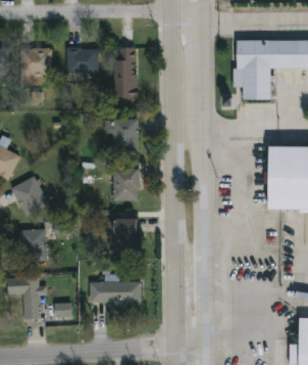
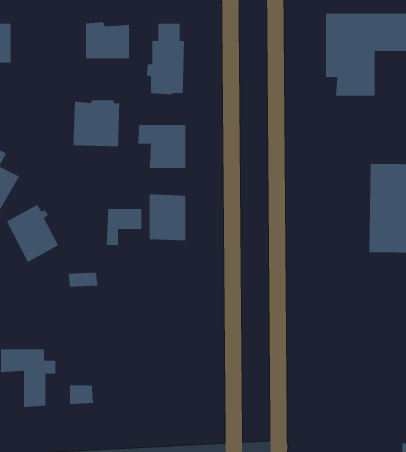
building: [19,47,53,81] -> [73,99,120,147]
building: [112,219,138,245] -> [106,208,142,246]
building: [19,228,47,262] -> none
building: [90,281,142,307] -> none

